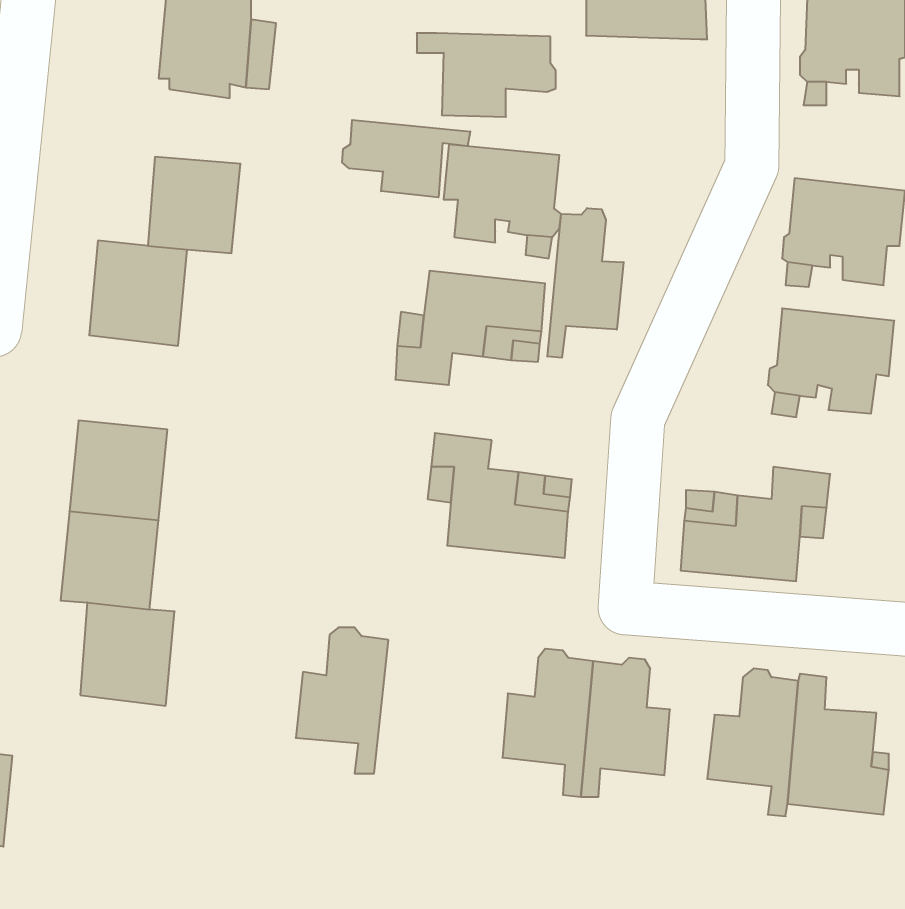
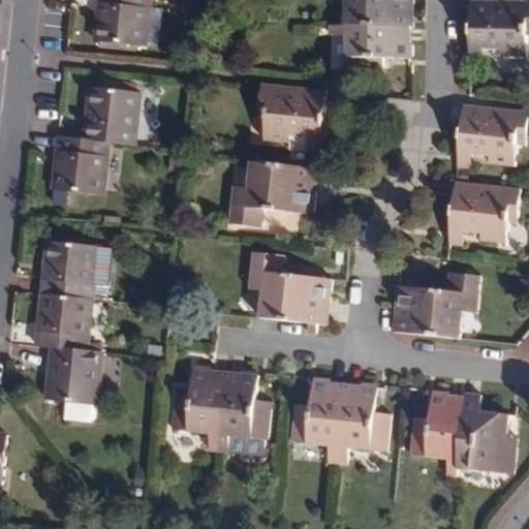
building: [417,33,556,117] -> [329,21,409,69]
building: [342,120,470,197] -> none
building: [547,208,624,358] -> none
building: none -> [217,370,269,454]

